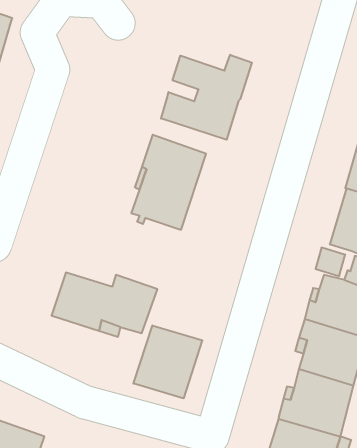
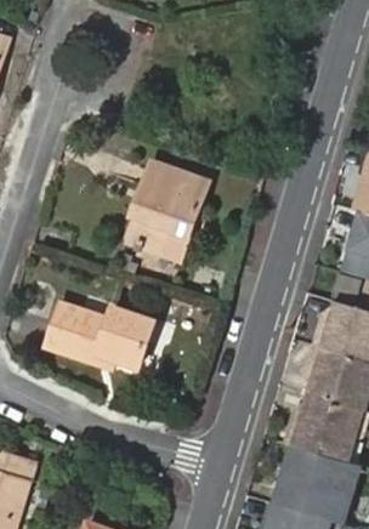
building: [161,55,252,140] -> none
building: [133,325,202,398] -> none

